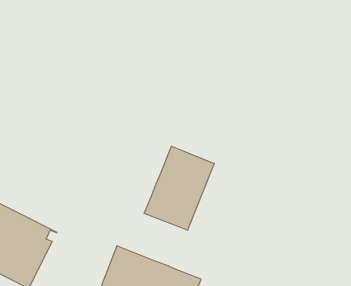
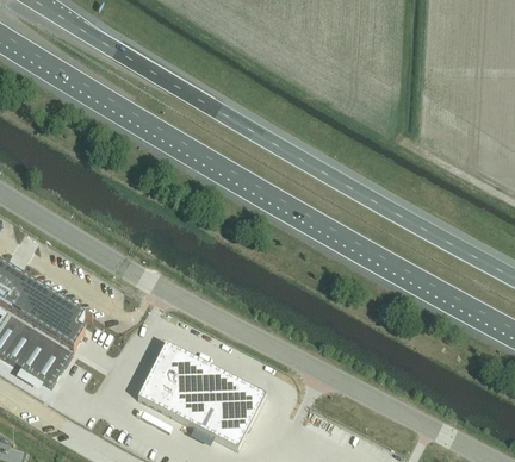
building: [144,146,214,230] -> none

